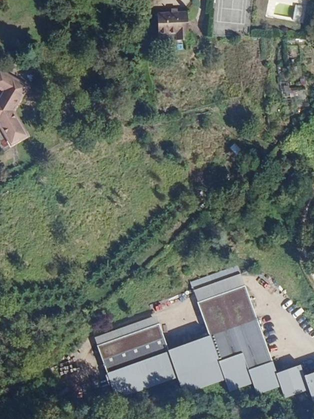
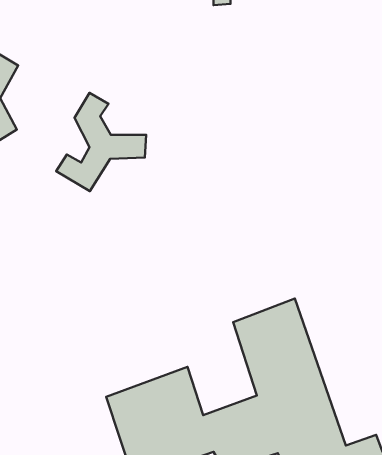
building: none -> [56,93,146,191]

